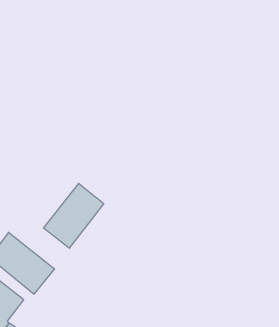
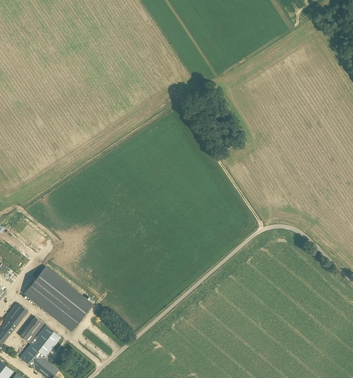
building: [44,183,104,248] -> none

